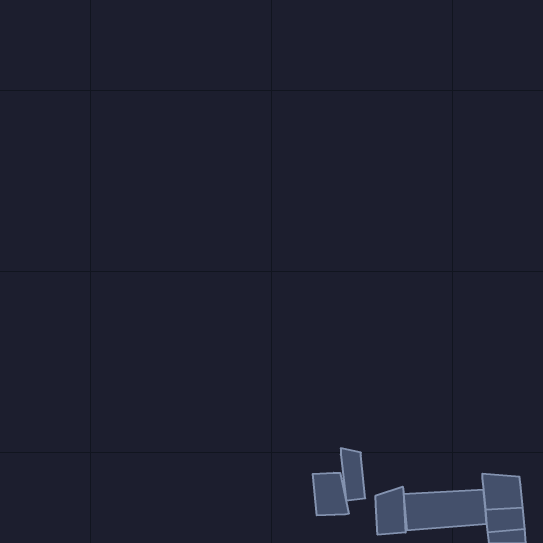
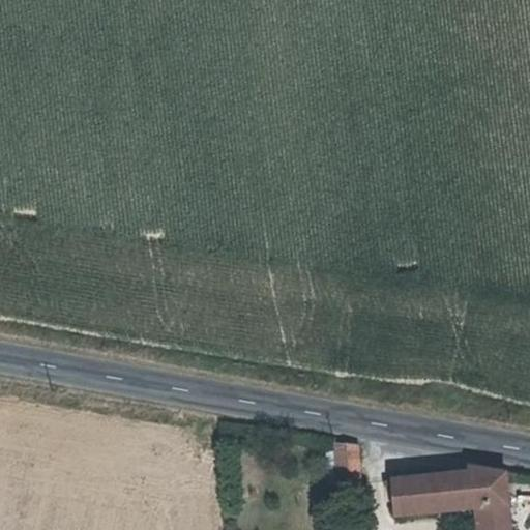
building: [313,473,349,515] -> none
building: [376,487,406,535] -> none

